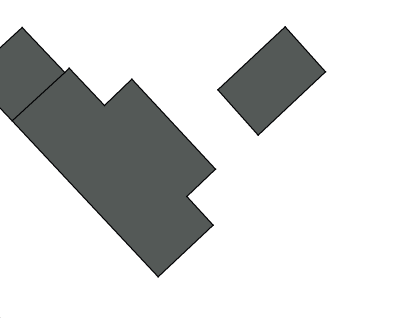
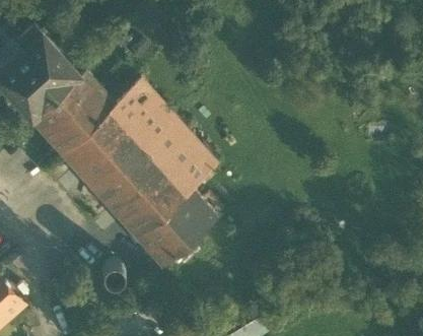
building: [218,27,325,135] -> none

